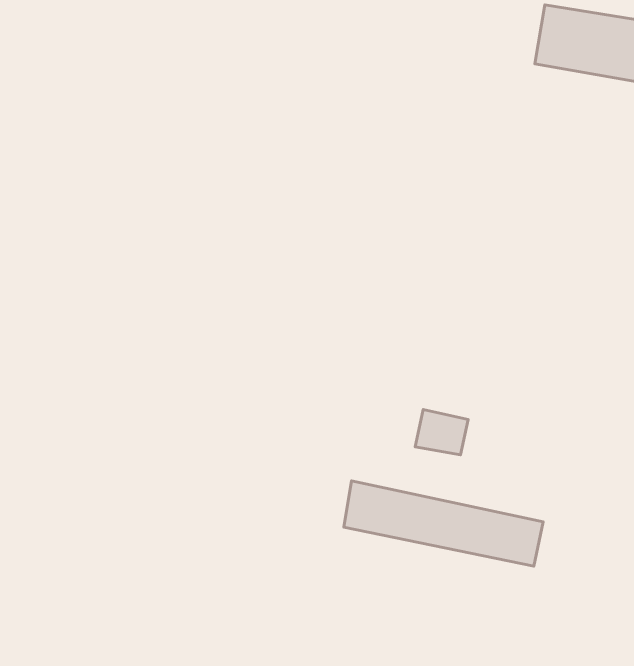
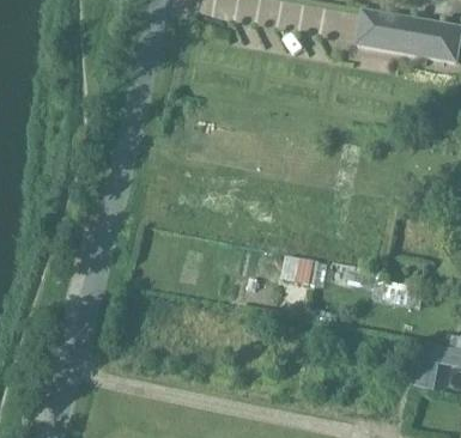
building: [344,481,543,566] -> none

